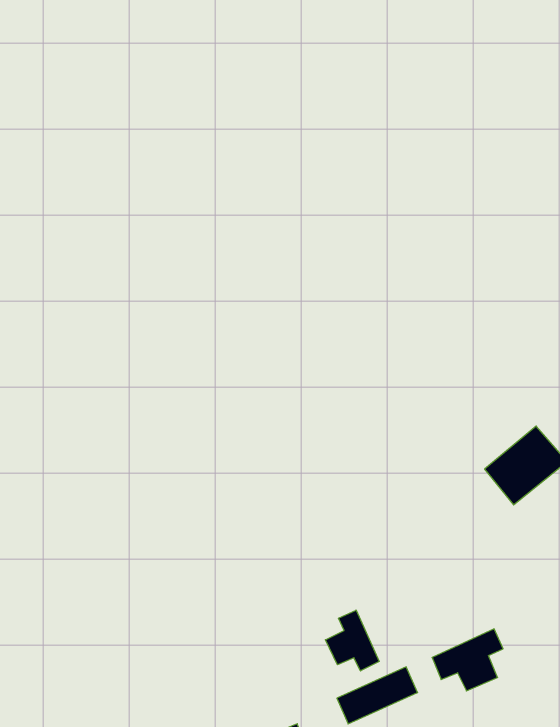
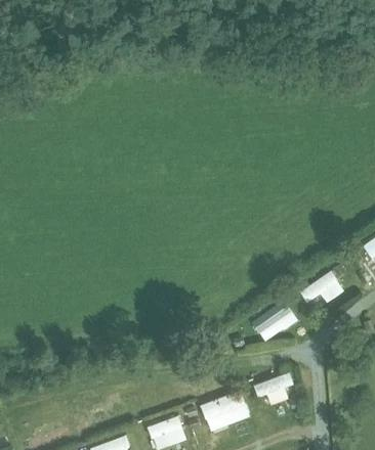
building: none -> [252,301,296,342]
building: [325,610,379,671] -> none

